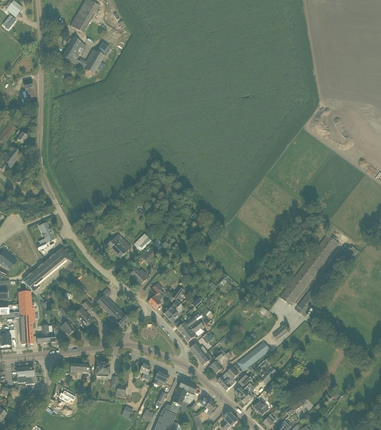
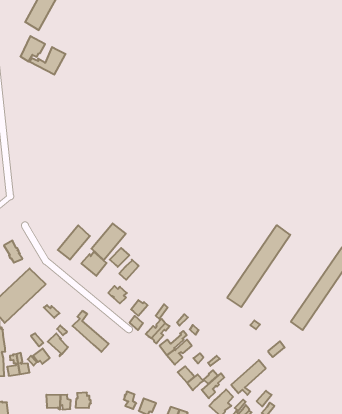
building: none -> [58,225,90,260]
building: none -> [91,223,126,260]
building: [278,233,338,305] -> [227,226,290,307]

